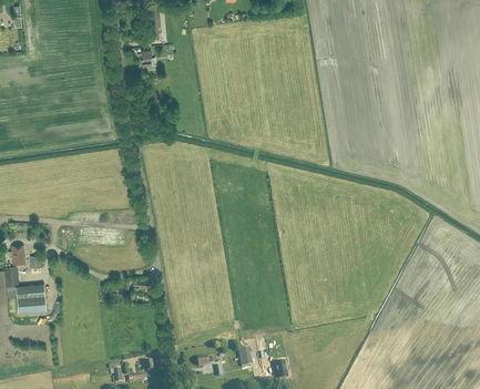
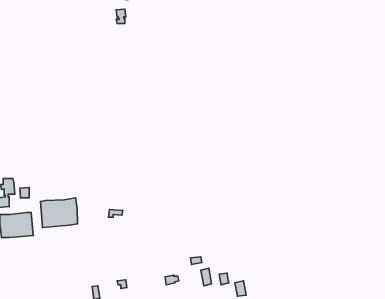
building: none -> [41,198,78,227]

